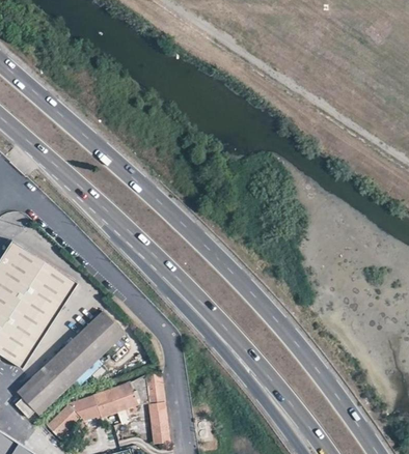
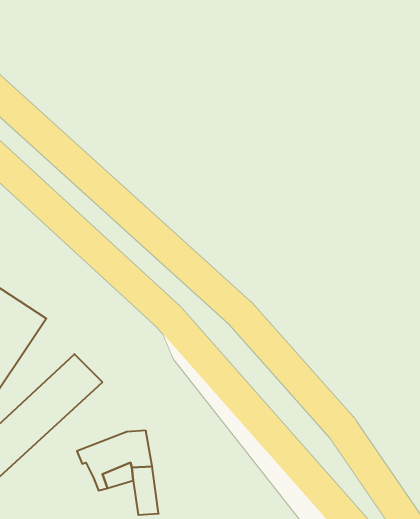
building: [45,391,116,439] -> none

